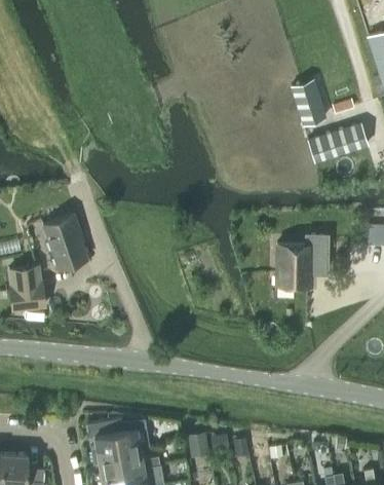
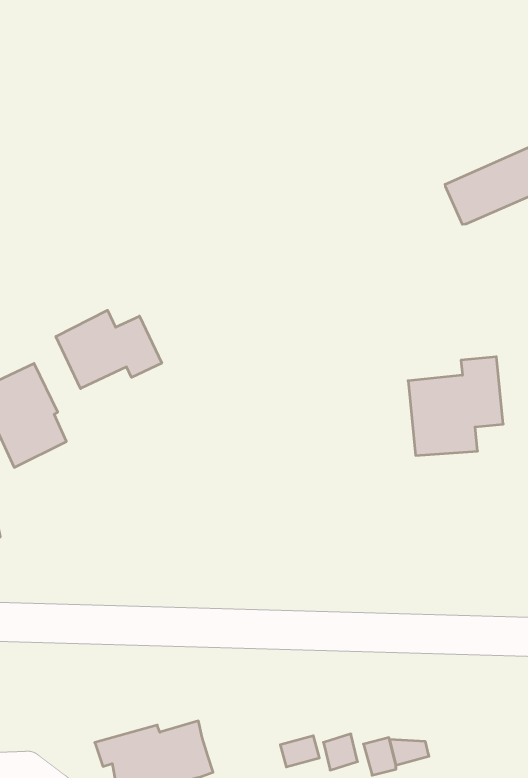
building: [292,80,327,125] -> none
building: none -> [56,310,162,389]

